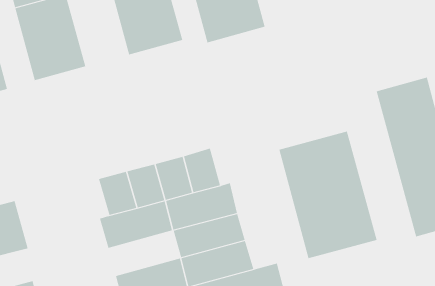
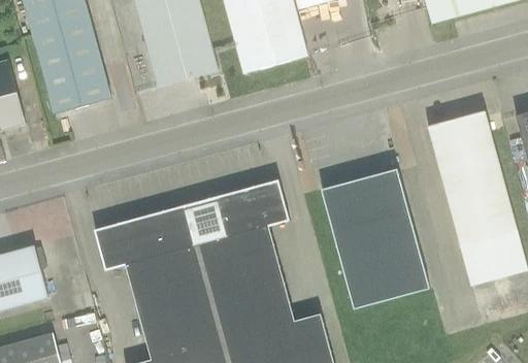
building: none -> [248,179,290,229]
building: none -> [95,222,136,270]
building: none -> [135,278,214,328]

